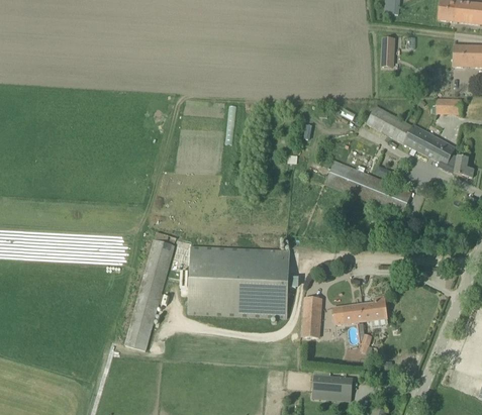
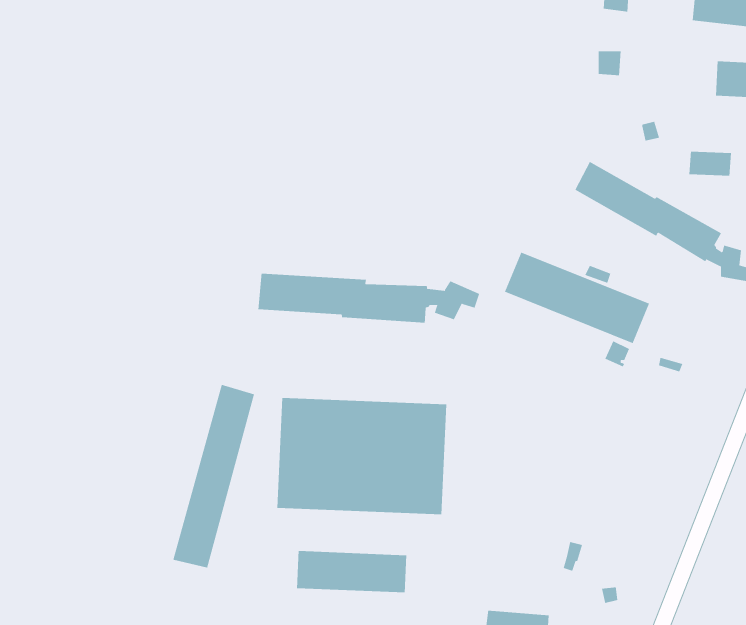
building: none -> [258,273,480,324]
building: [333,295,387,324] -> none
building: [301,296,322,337] -> none
building: none -> [296,550,407,593]

